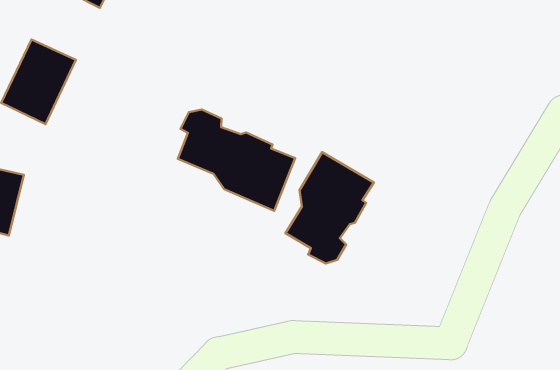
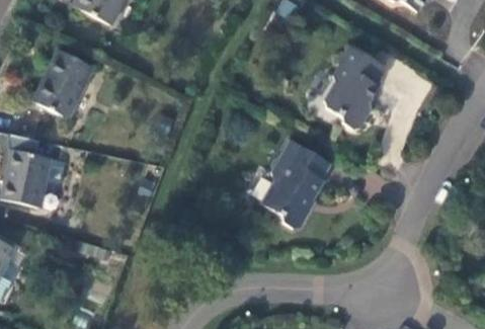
building: none -> [325,45,389,131]
building: [178,110,295,211] -> none

